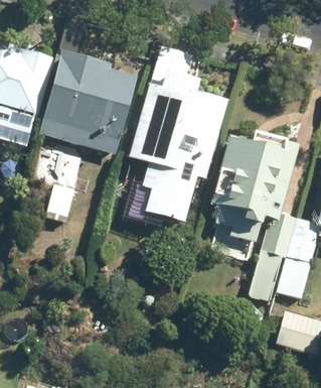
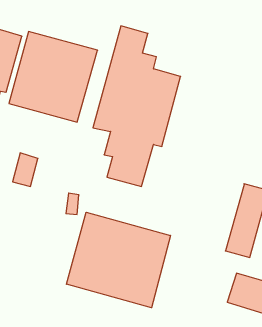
building: [212,132,298,300] -> none
building: none -> [66,212,170,308]

